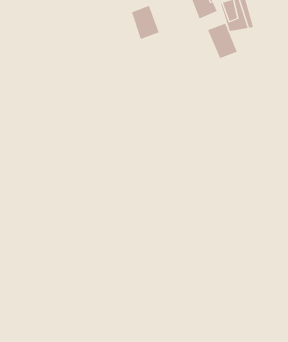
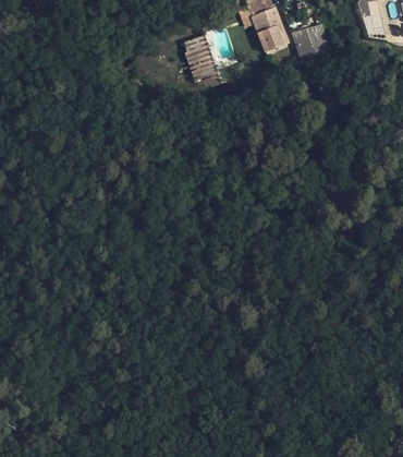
building: [208,23,238,59] -> none

